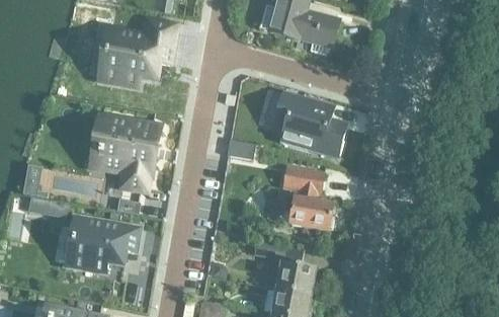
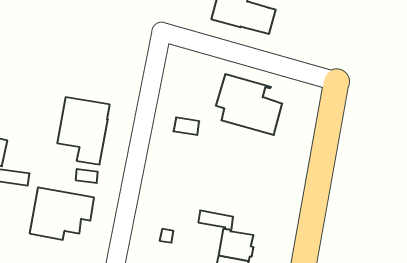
building: [100,18,173,84] -> none
building: [280,165,331,230] -> none

